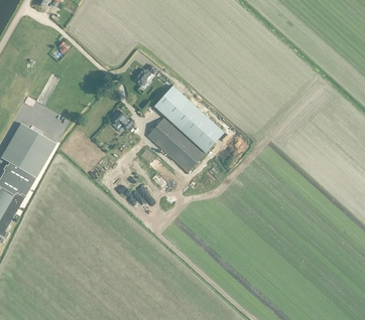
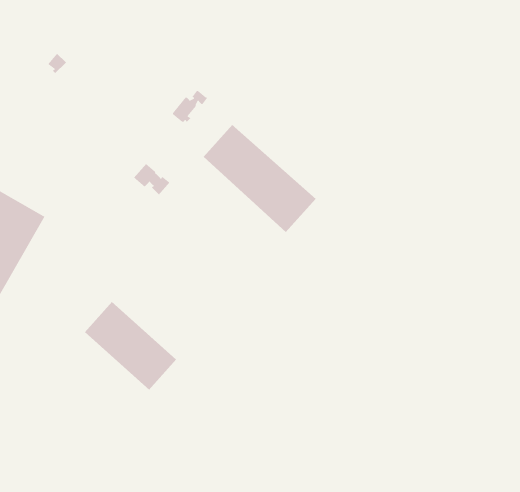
building: [146,117,204,172] -> [84,301,177,390]

